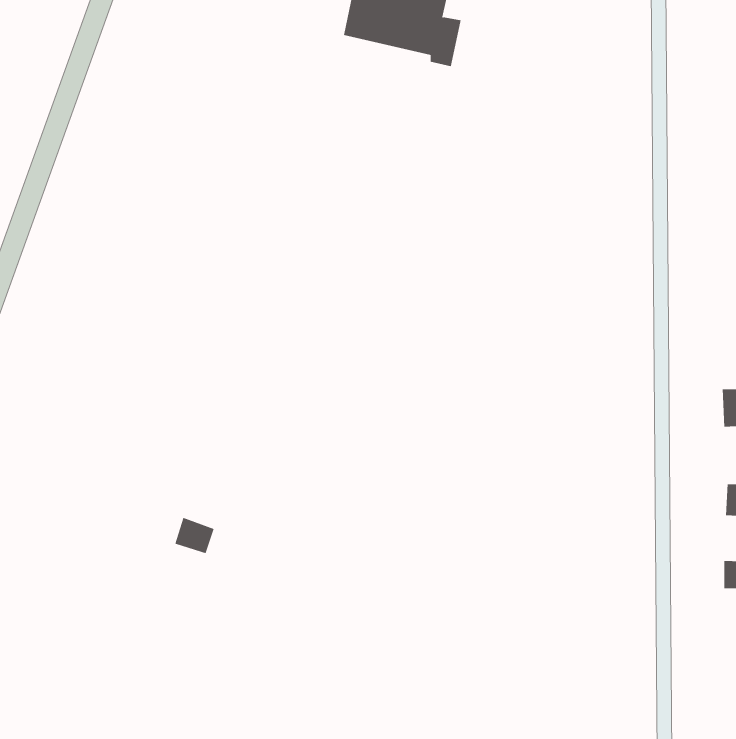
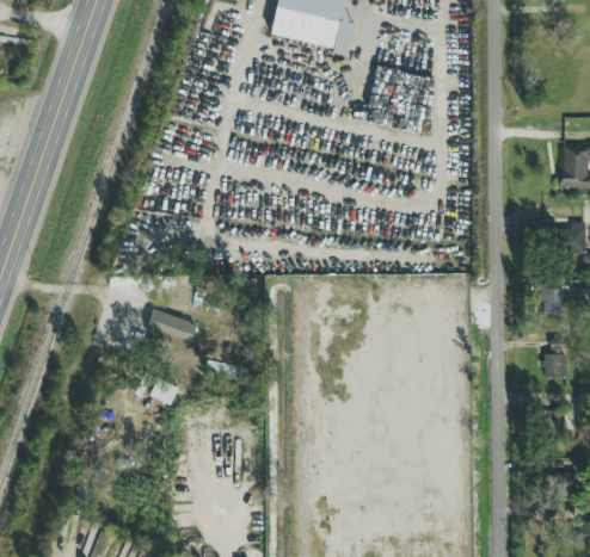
building: none -> [148,311,197,347]

